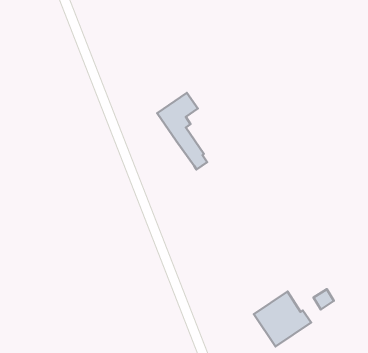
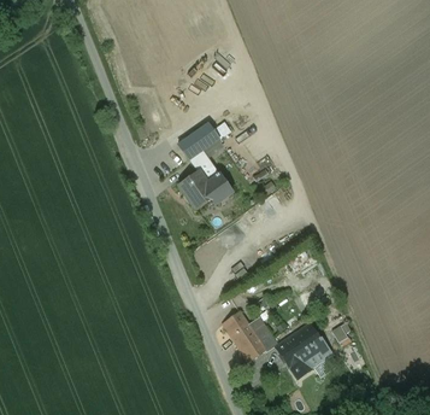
building: none -> [179,171,217,210]
building: none -> [222,310,266,362]

